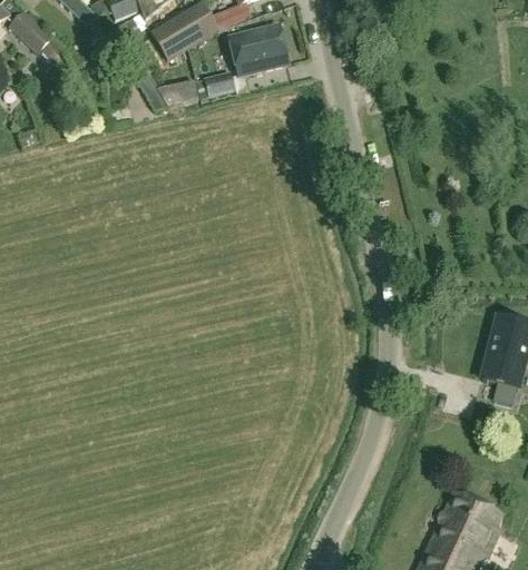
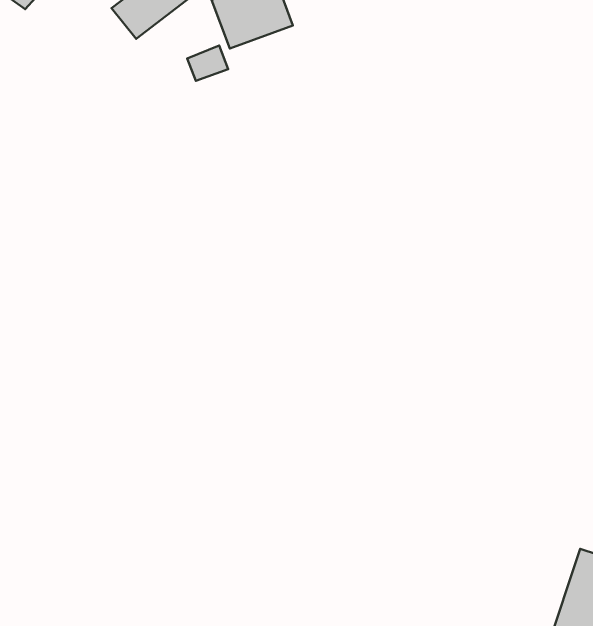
building: [158,79,199,106] -> none

